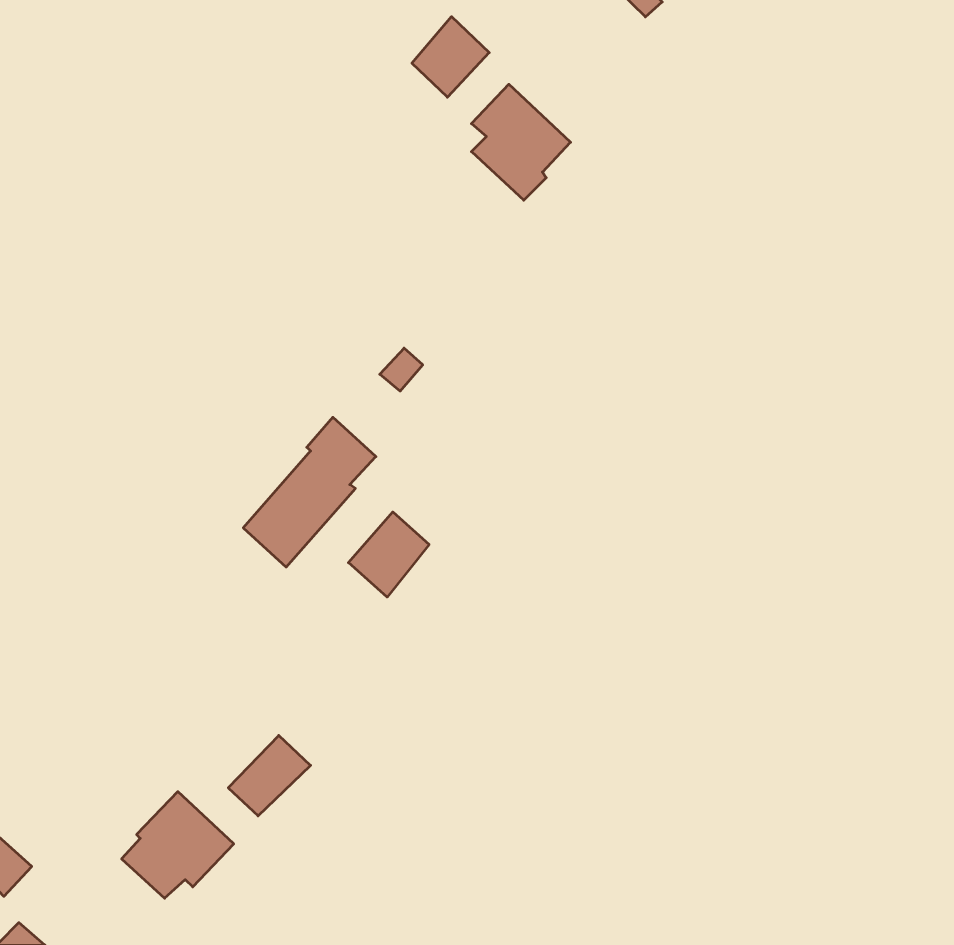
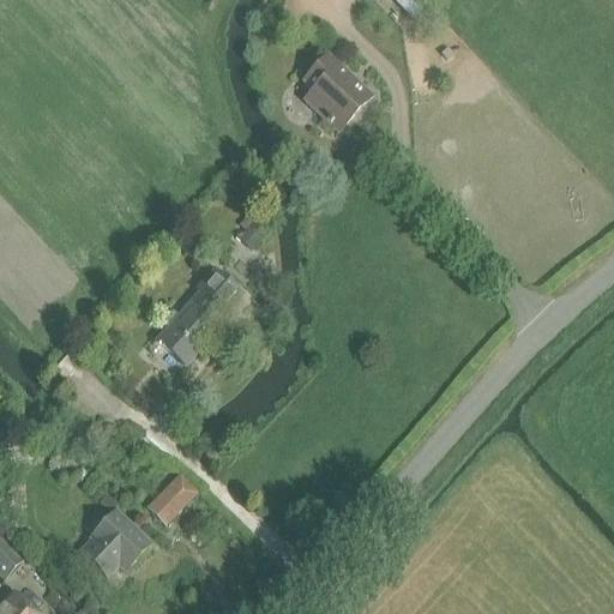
building: [412,17,489,97] -> none
building: [348,512,429,597] -> none

